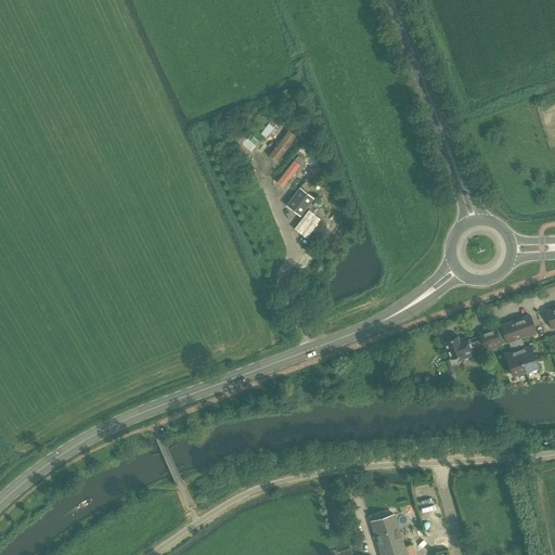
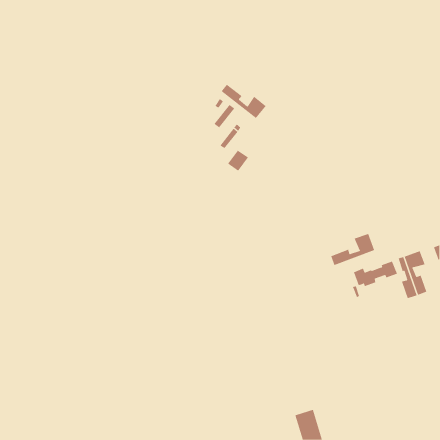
building: none -> [221,84,267,119]
building: [295,210,330,240] -> none
building: none -> [330,233,375,266]

